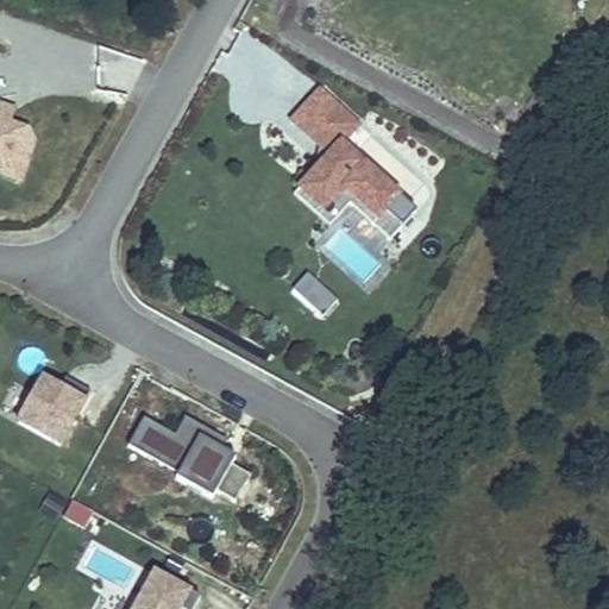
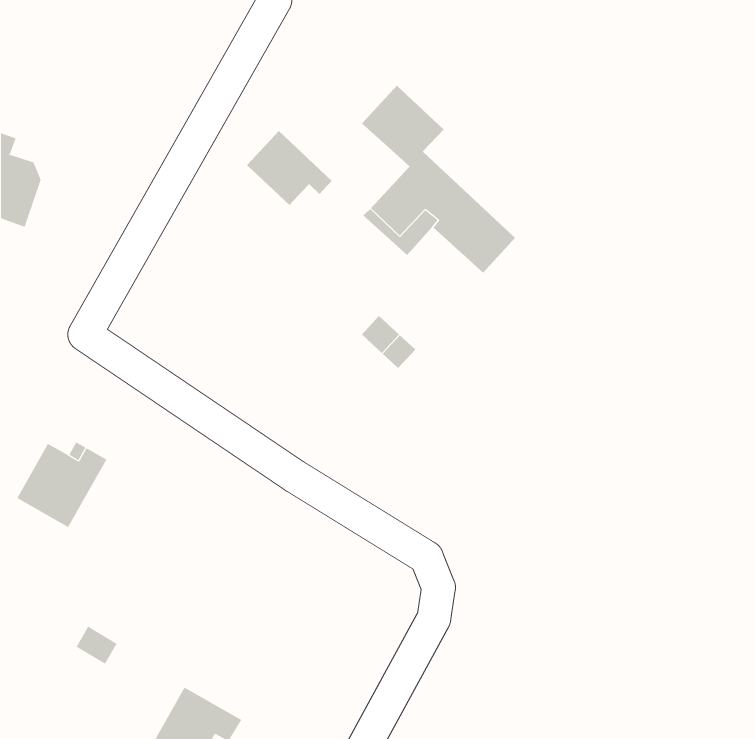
building: none -> [246,130,332,206]
building: [126,412,249,497] -> none

